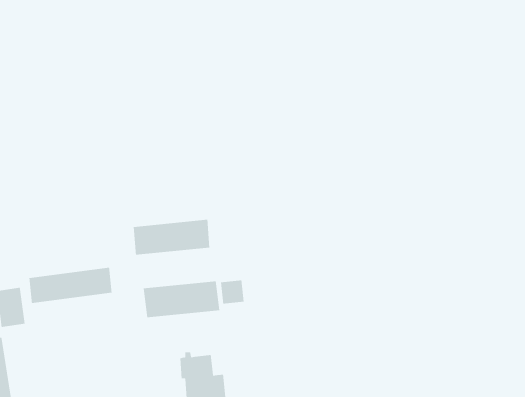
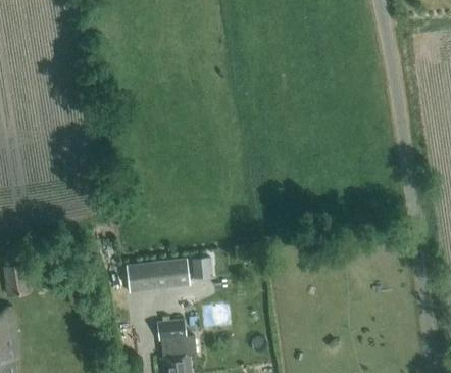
building: [133,219,210,256] -> none
building: [29,267,112,304] -> none

